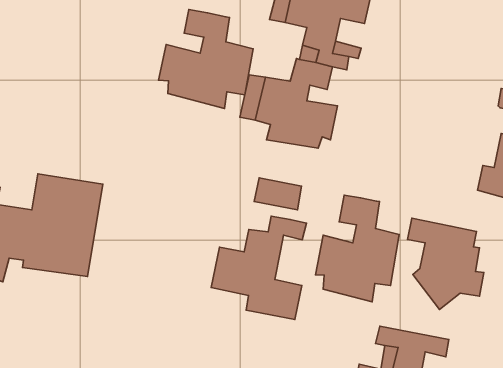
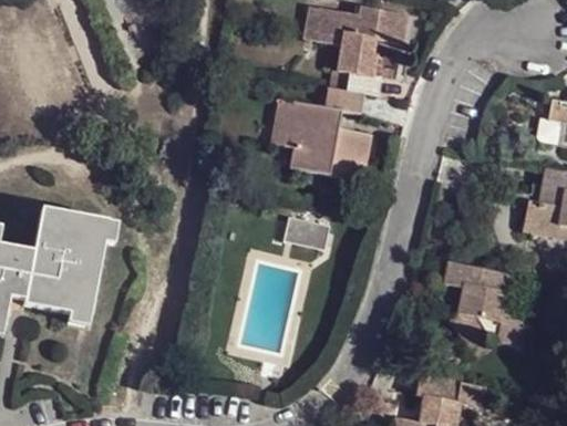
building: [159,9,253,108] -> none
building: [316,195,399,302] -> none
building: [211,216,307,319] -> none

